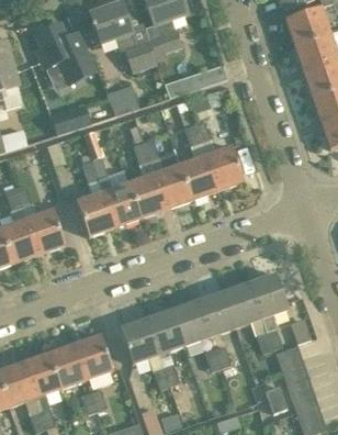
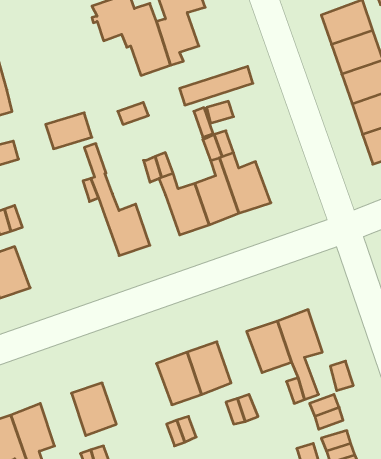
building: [34,24,93,83] -> none
building: [127,175,165,217] -> none
building: [75,192,113,236] -> none
building: [24,209,64,254] -> none
building: [196,291,235,335] -> none
building: [119,319,158,362] -> none
building: [46,344,84,389] -> none

